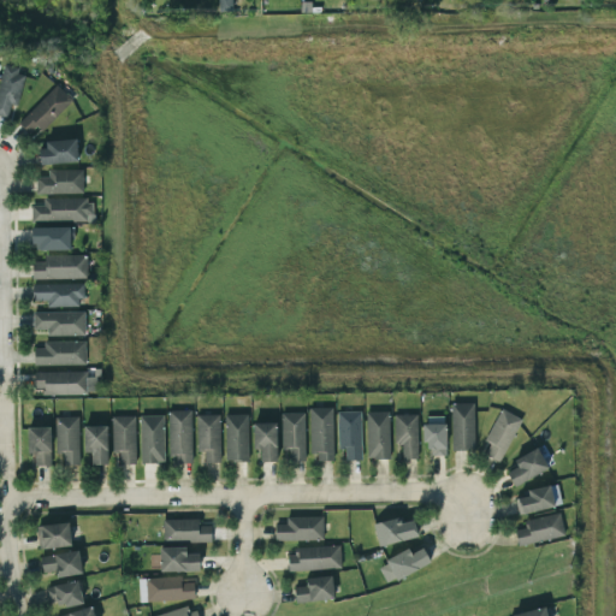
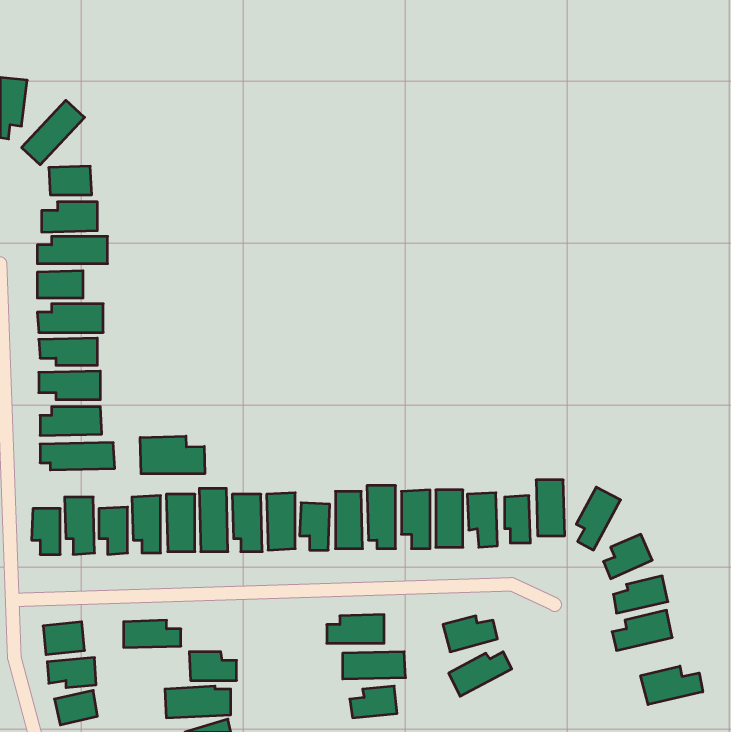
building: none -> [140,436,205,474]
building: [164,519,212,541] -> [124,620,181,647]
building: none -> [641,666,703,705]

